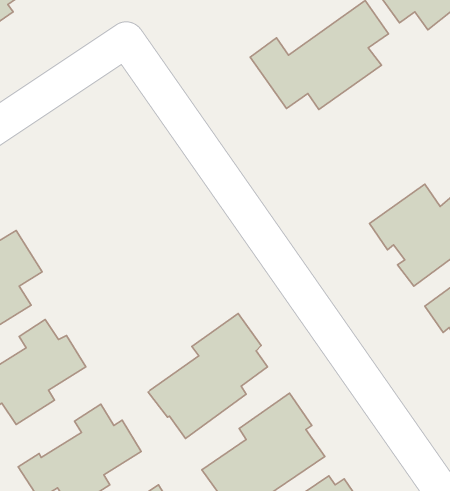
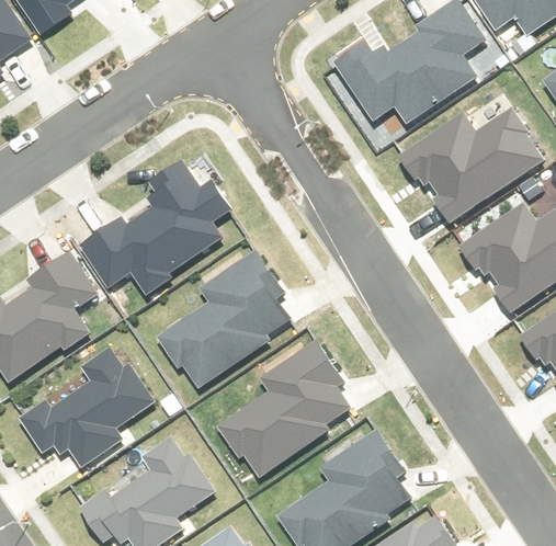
building: none -> [398,113,536,224]
building: none -> [83,162,229,299]
building: none -> [163,255,283,389]

